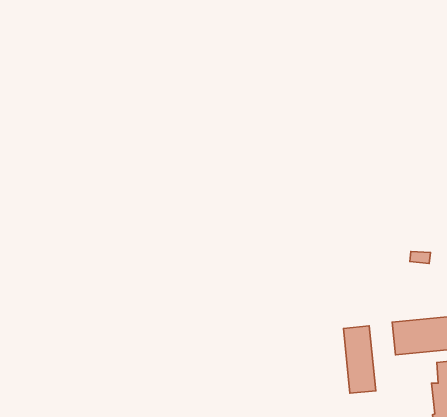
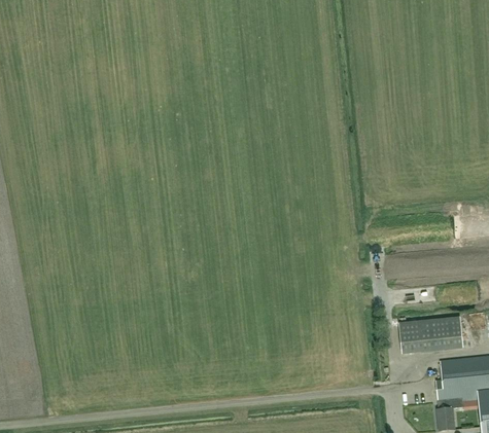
building: [343,326,376,393] -> none

